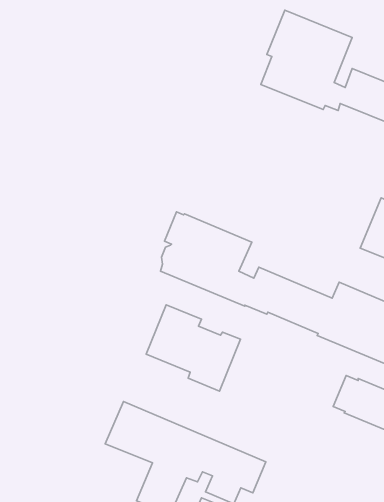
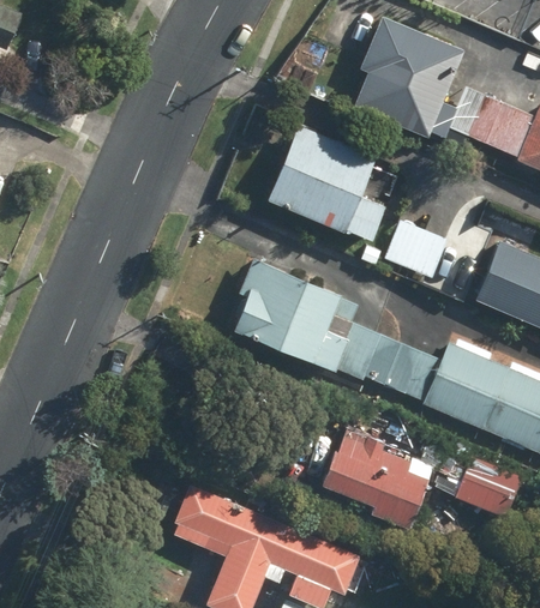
building: none -> [268,125,386,242]
building: none -> [384,222,448,279]
building: [146,305,241,391] -> [322,426,434,529]

